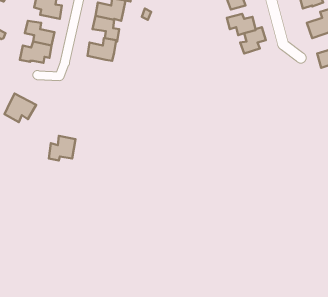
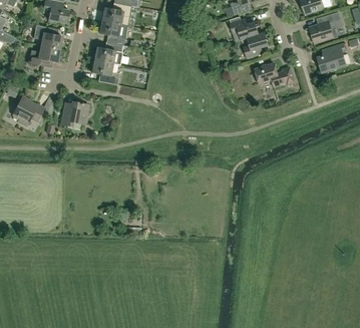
building: none -> [90,59,118,84]
building: none -> [255,62,295,86]
building: [49,136,75,161] -> [61,101,87,125]

